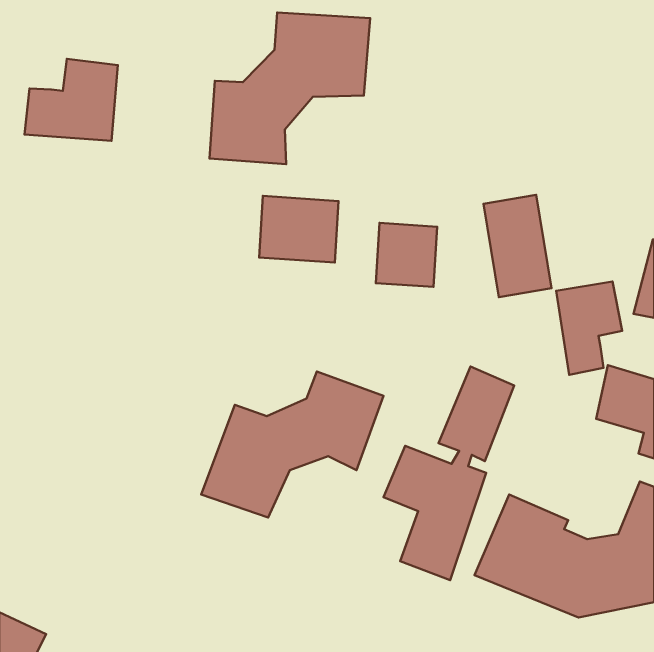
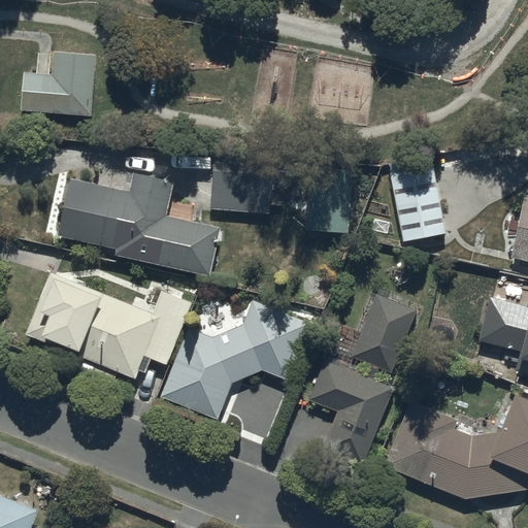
building: [209,13,370,164] -> none
building: none -> [43,172,222,276]
building: [556,282,622,375] -> none
building: none -> [40,273,192,375]

